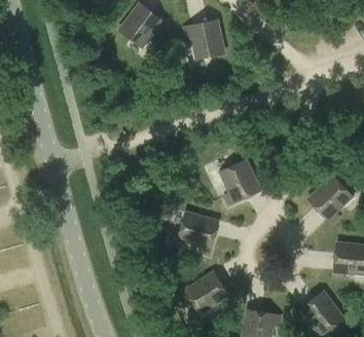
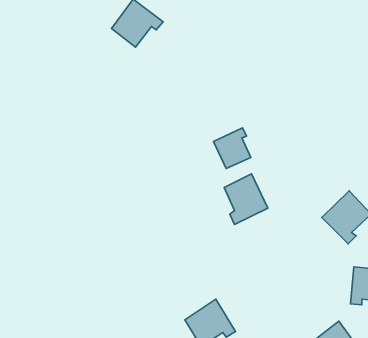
building: [183,20,223,59] -> none
building: none -> [213,128,251,168]
building: [178,212,217,253] -> none

